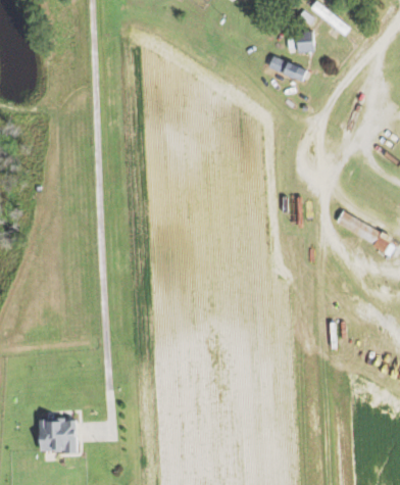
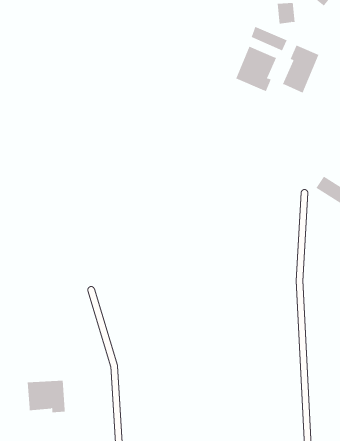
building: none -> [282,45,319,93]
building: none -> [236,46,277,92]

